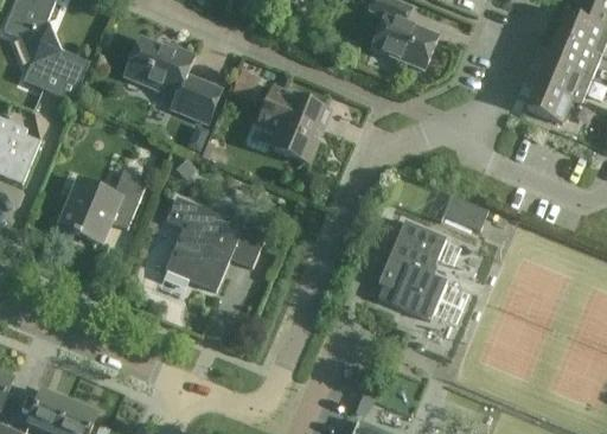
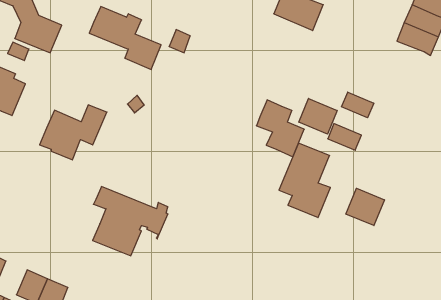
building: [524,84,571,123] -> none
building: [258,88,322,164] -> [256,100,304,157]
building: none -> [341,92,374,118]
building: none -> [299,98,337,134]
building: [164,198,264,291] -> [93,187,168,256]
building: none -> [346,188,384,226]

